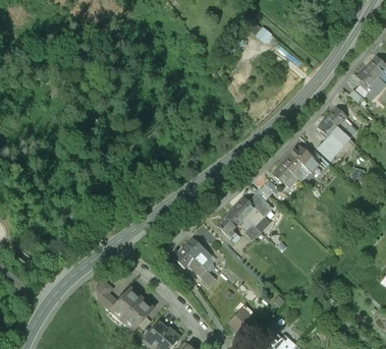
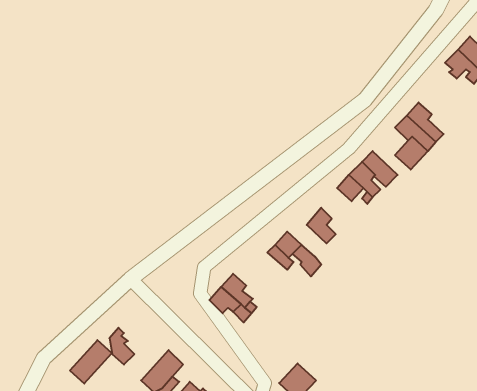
building: [235,197,266,227] -> none
building: [111,289,144,323] -> [70,340,112,384]

